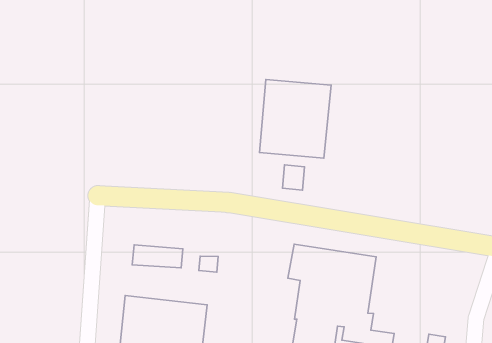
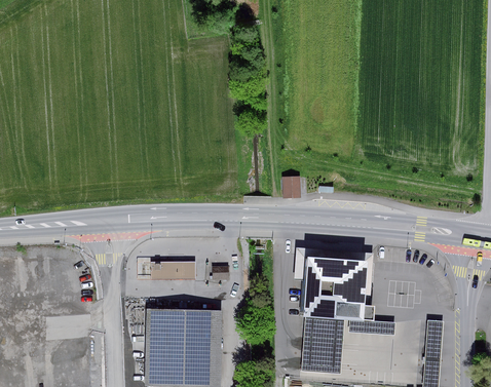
building: [260,80,331,158] -> none

